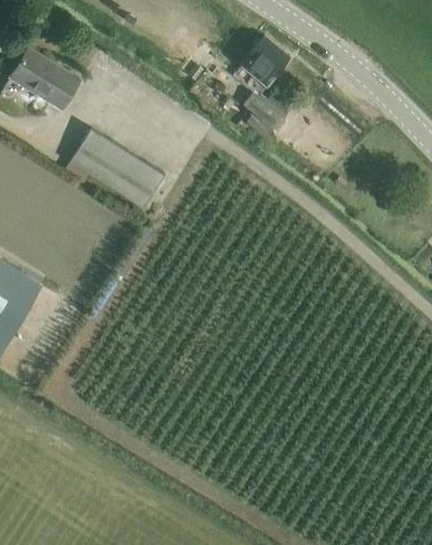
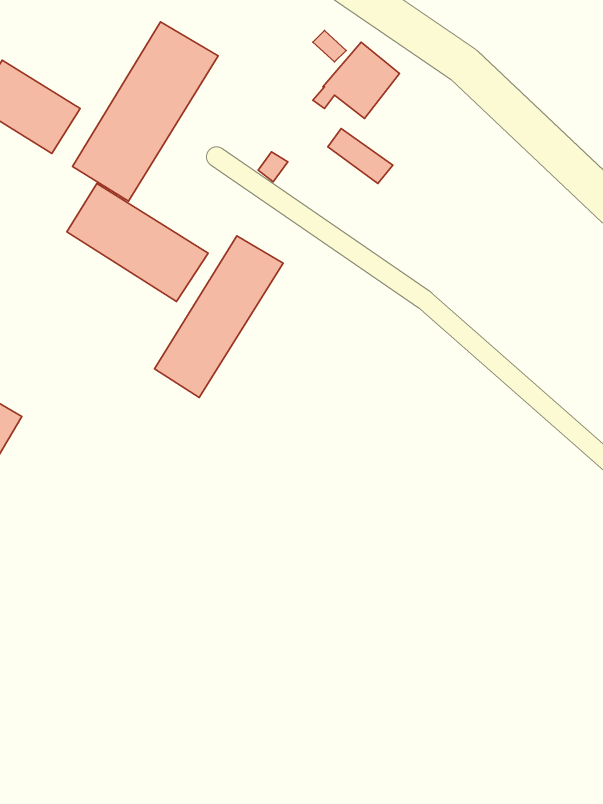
building: none -> [73,22,218,201]
building: none -> [155,236,283,397]

